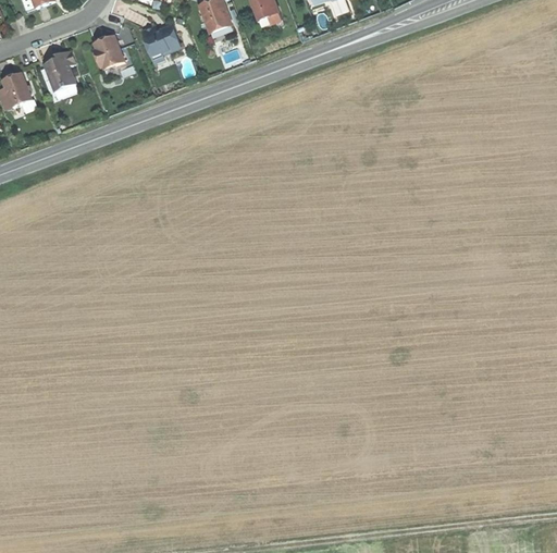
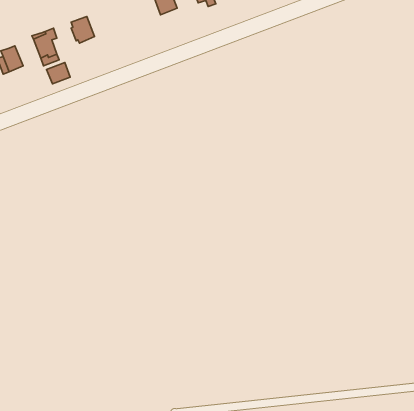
building: [139,23,178,63] -> none
building: none -> [47,62,70,84]

